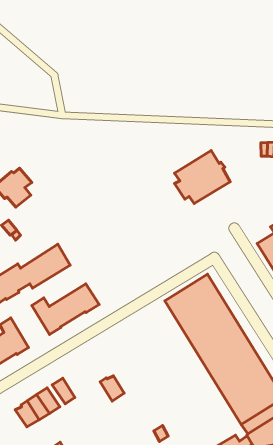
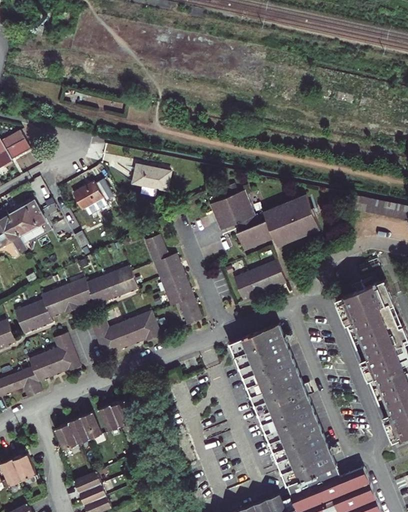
building: none -> [133,164,170,195]
building: none -> [210,190,269,250]
building: none -> [145,233,202,324]
building: none -> [234,259,286,300]
building: [100,376,124,401] -> [110,400,133,426]

